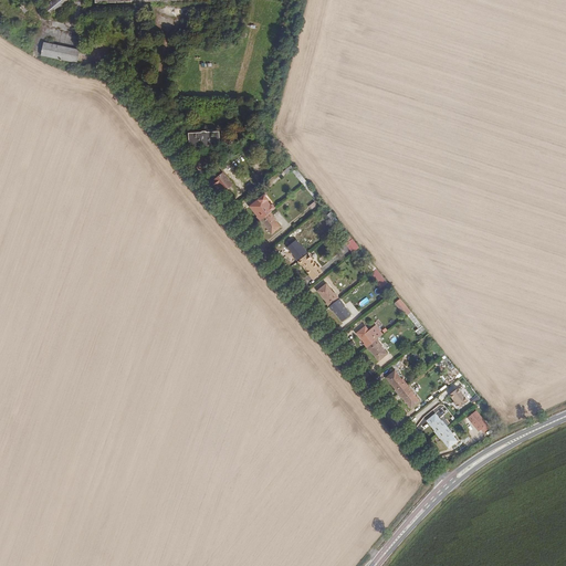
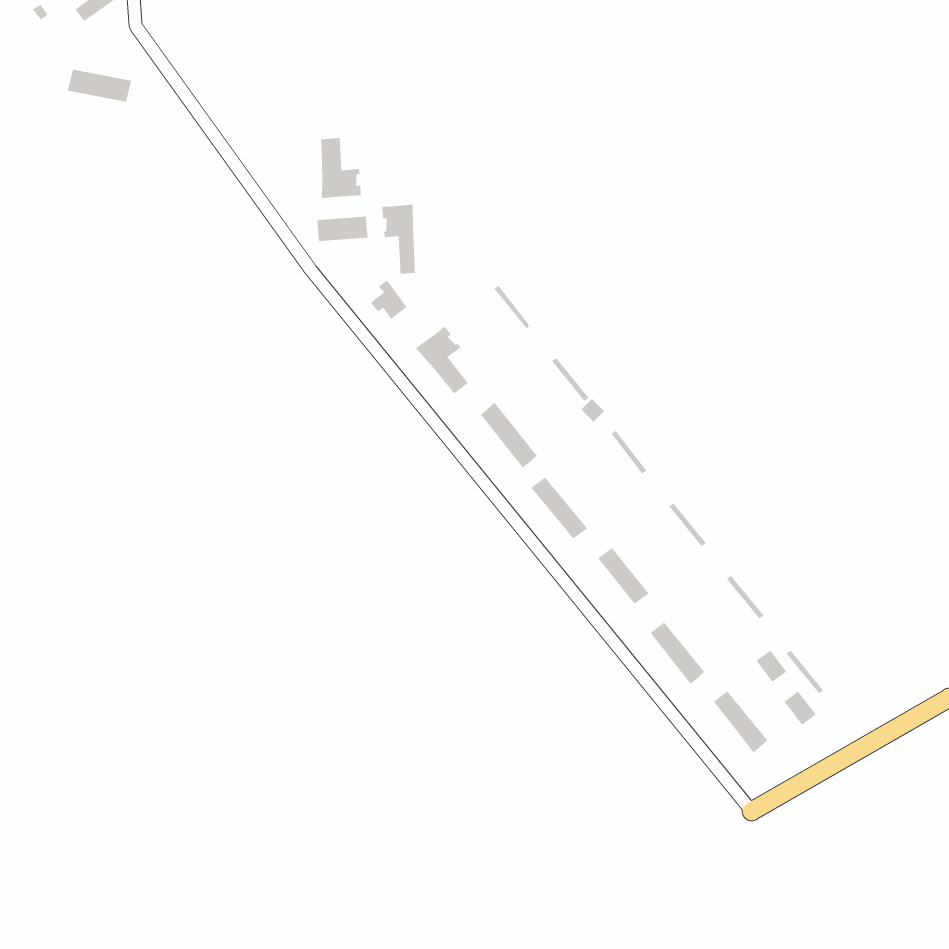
building: none -> [320,137,362,199]
building: none -> [382,204,416,275]

